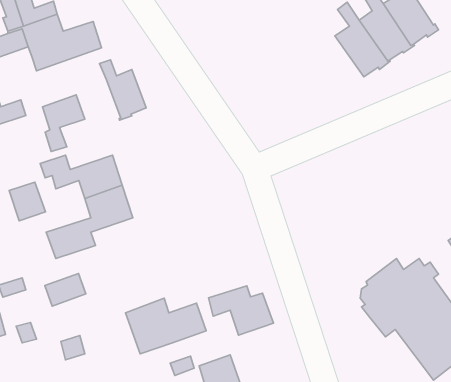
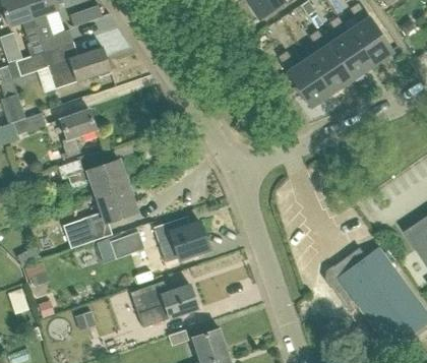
building: none -> [278,52,331,108]
building: [100,60,146,120] -> none
building: [9,182,46,221] -> none
building: [45,274,86,306] -> [110,232,144,259]
building: [208,286,273,335] -> [154,217,208,258]

